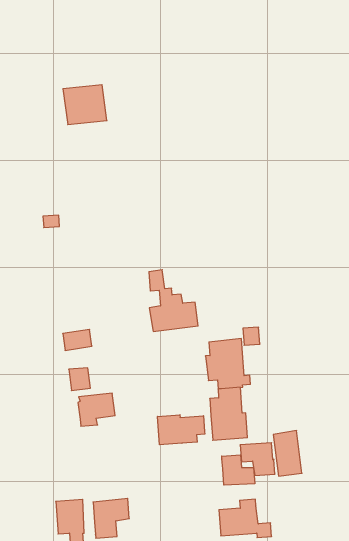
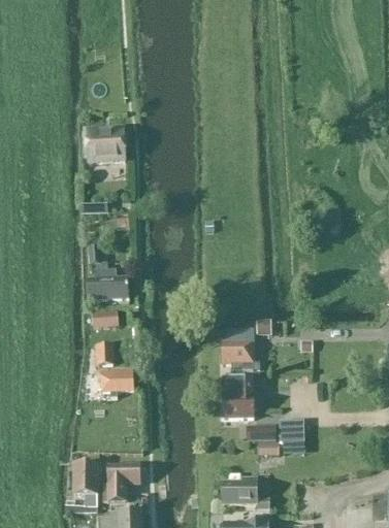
building: [63,85,107,125] -> [87,127,125,161]
building: [149,270,198,331] -> [86,244,129,300]
building: [158,415,205,445] -> none
building: [222,455,255,485] -> none

